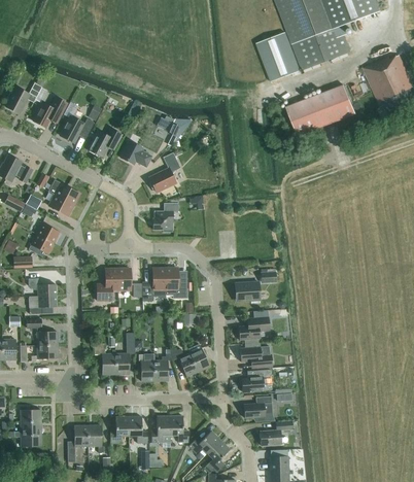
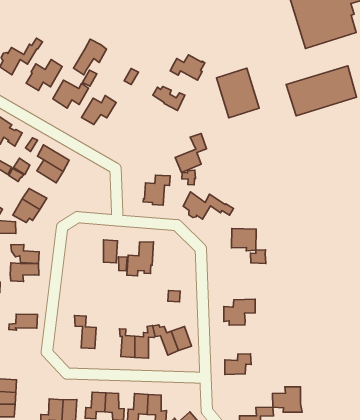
building: [256,32,300,81] -> [216,68,259,118]
building: none -> [73,39,106,75]
building: none -> [170,55,205,80]
building: [119,140,152,167] -> none
building: [149,152,179,192] -> [175,134,206,173]
building: none -> [183,192,233,219]
building: [165,267,187,298] -> none
building: [97,268,118,300] -> none
building: [235,281,260,303] -> [232,229,256,251]
building: [27,318,58,345] -> none
building: [115,332,135,374] -> none
building: [240,342,272,368] -> none
building: [244,395,274,421] -> [273,387,302,412]

